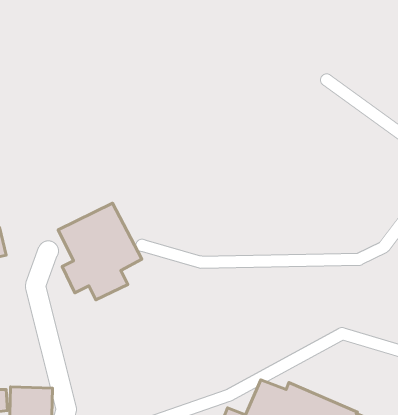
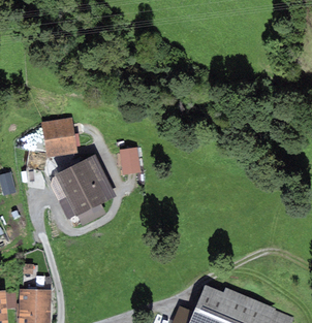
building: none -> [40,117,80,157]
building: none -> [119,147,141,173]

